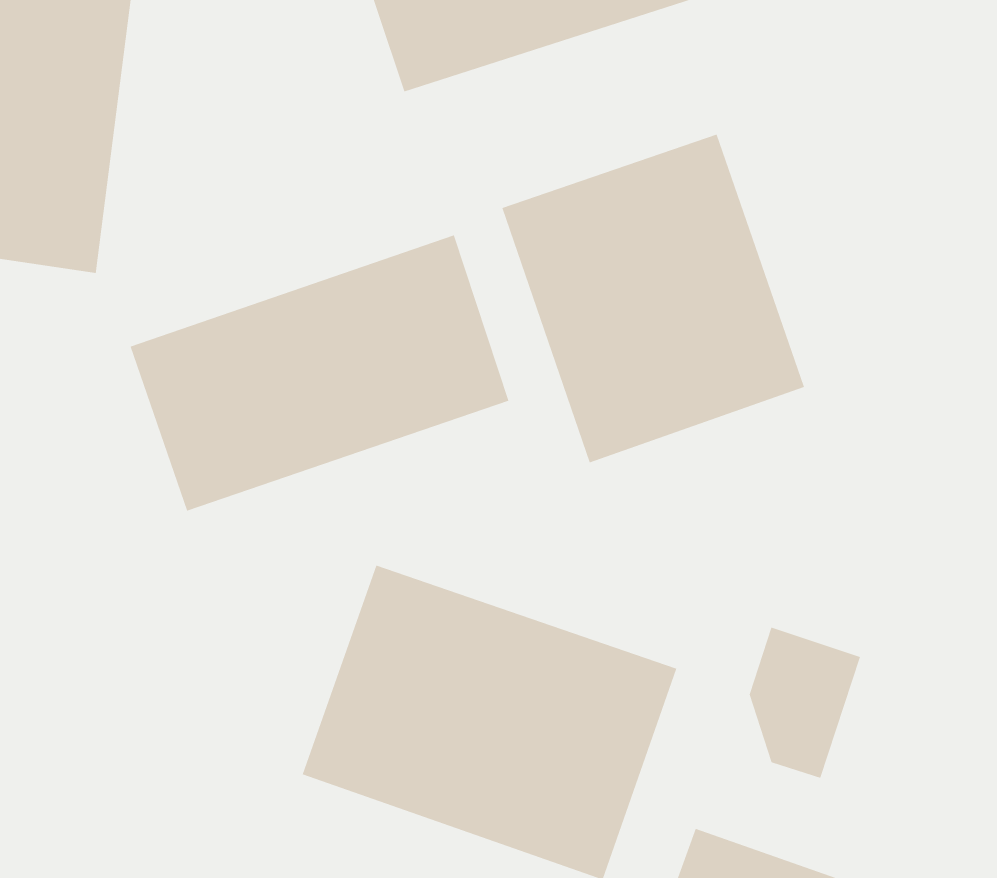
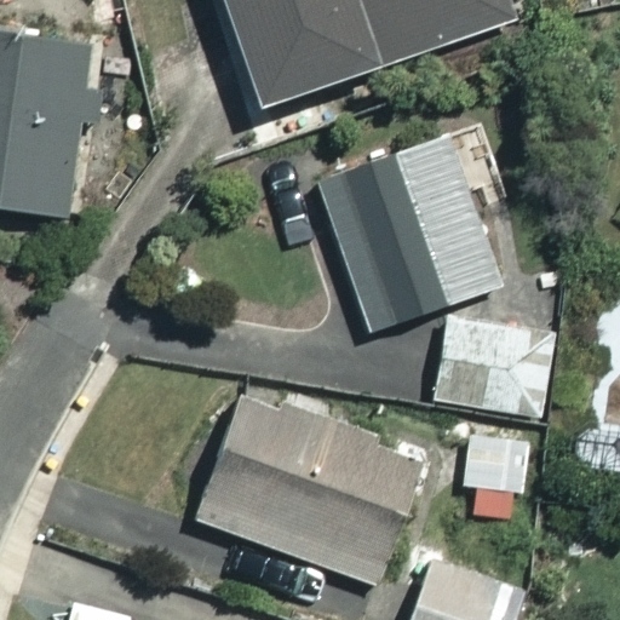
building: [130,235,509,511] -> none
building: none -> [437,317,552,415]

